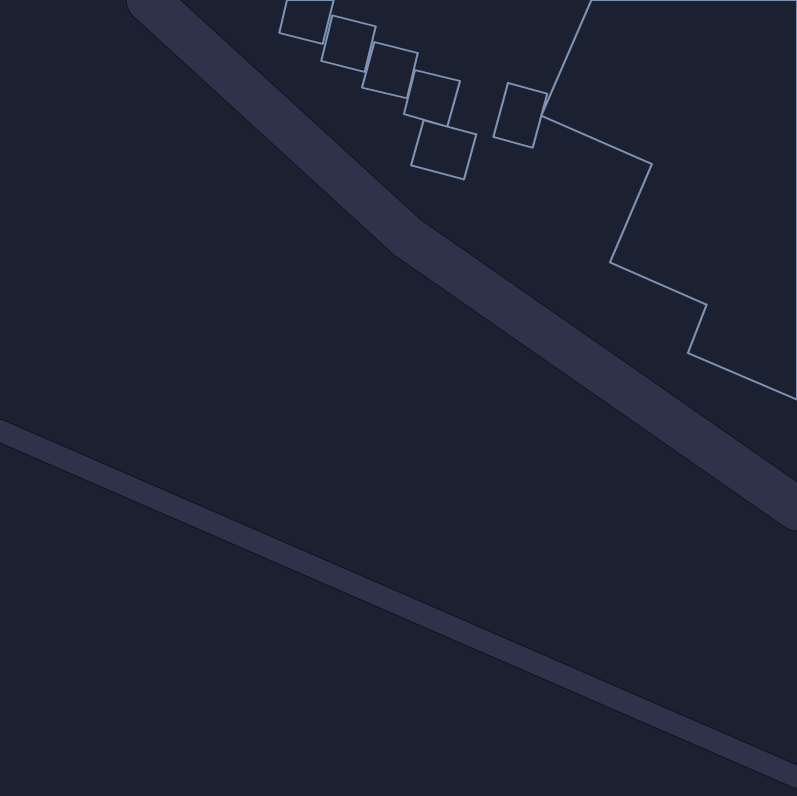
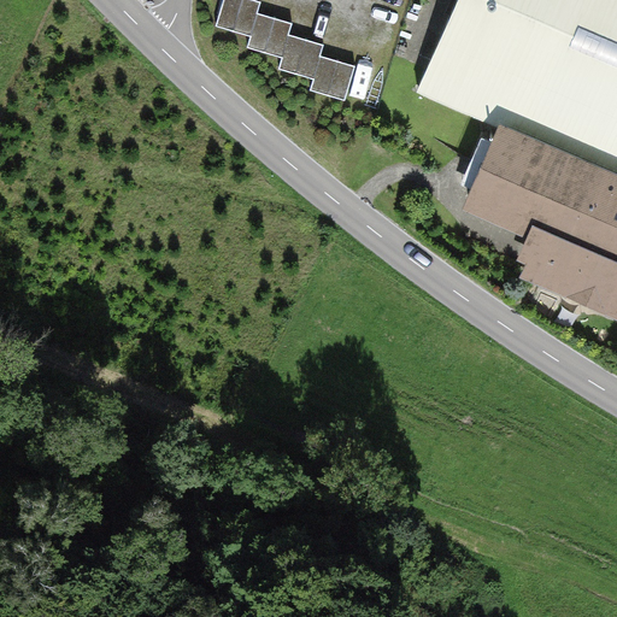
building: [493,83,547,148] -> none
building: [411,120,476,180] -> none

